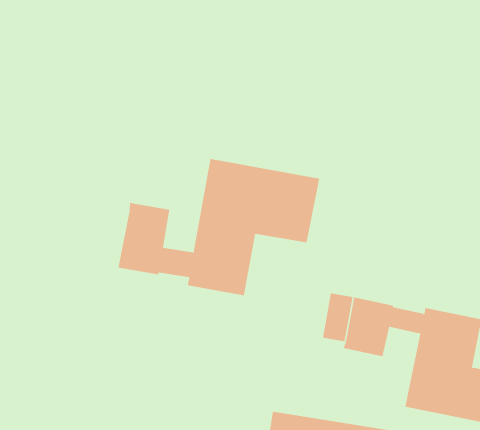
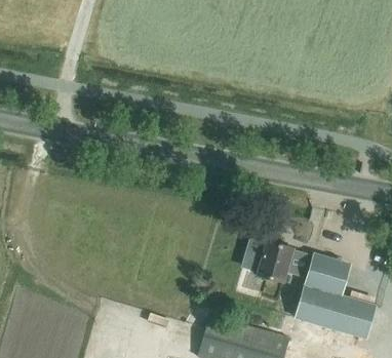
building: [118,158,320,296] -> none

